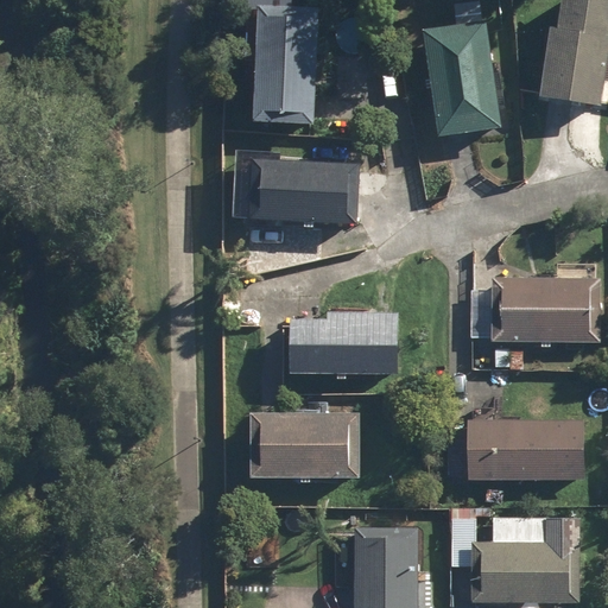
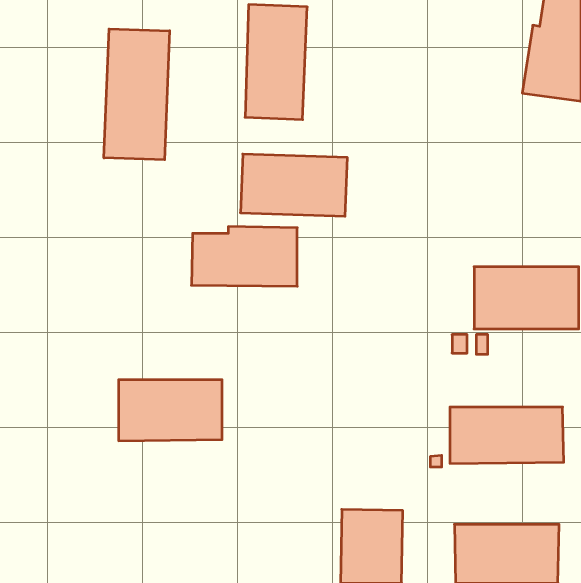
building: [423,19,500,135] -> none
building: none -> [104,29,170,160]
building: [287,312,397,374] -> [191,227,297,286]
building: [251,414,357,477] -> [119,380,222,441]

